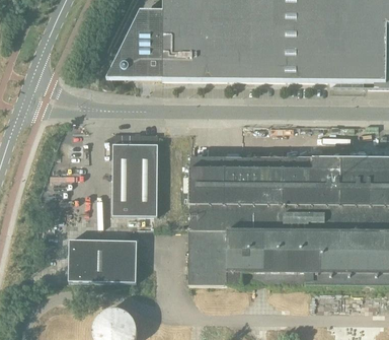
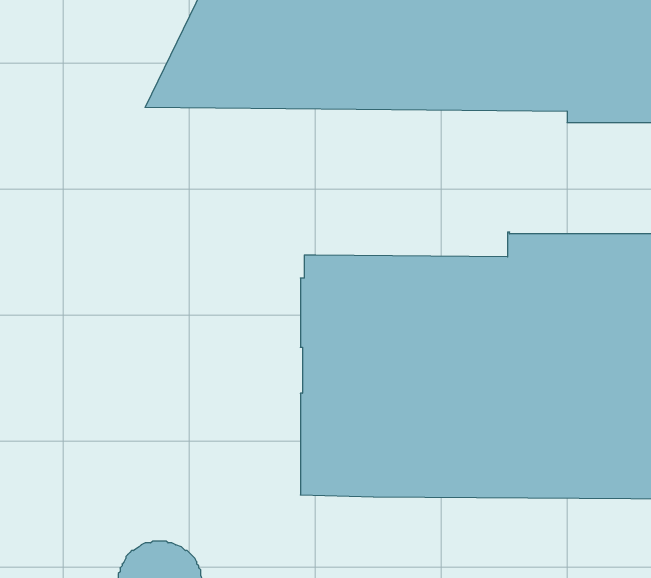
building: [112,132,157,214] -> none
building: [69,239,137,281] -> none

